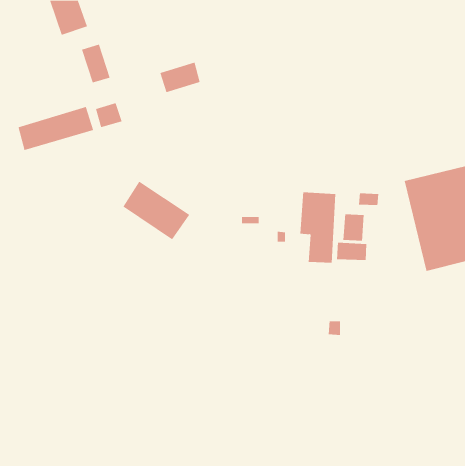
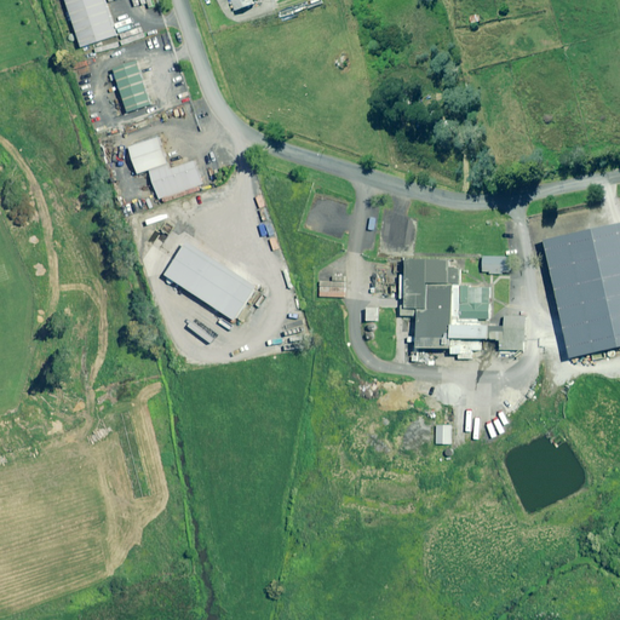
building: [159,62,201,93] -> [148,155,202,196]
building: [18,106,94,151] -> none
building: none -> [499,315,524,349]

